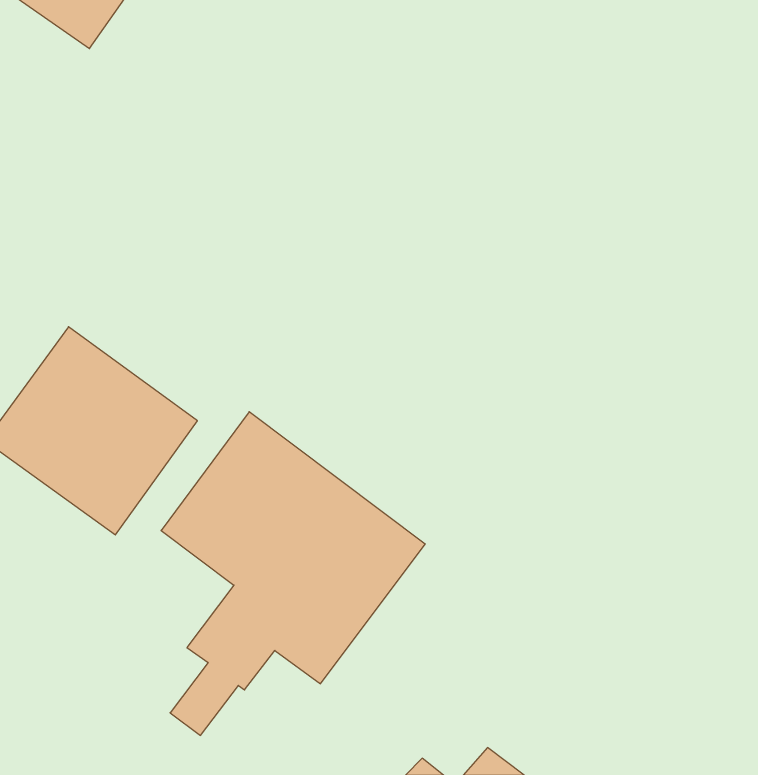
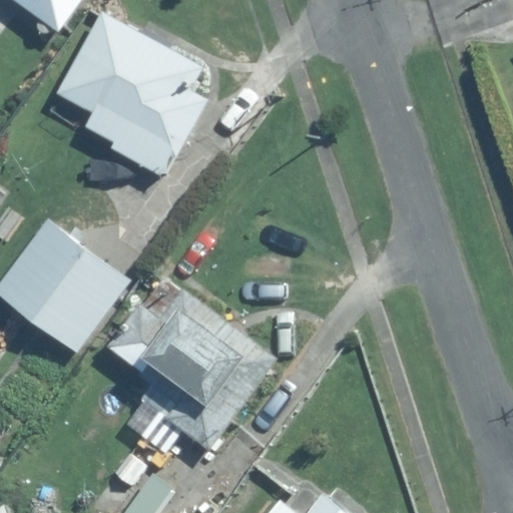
building: none -> [56,12,207,176]

